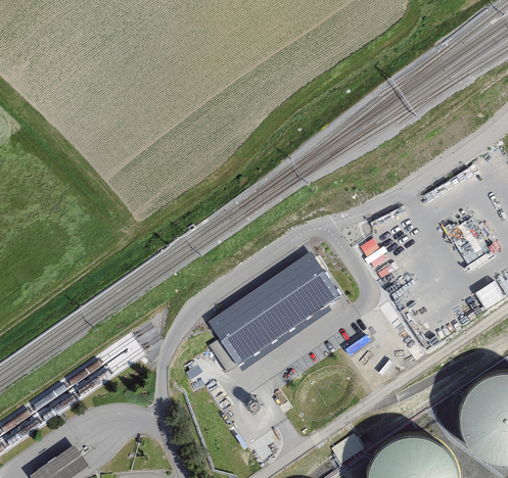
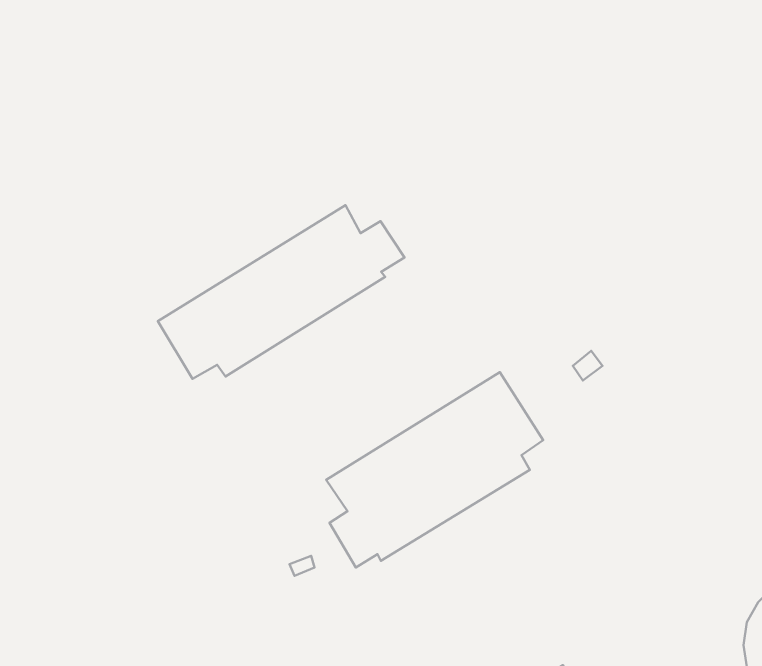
building: none -> [158,205,404,379]

